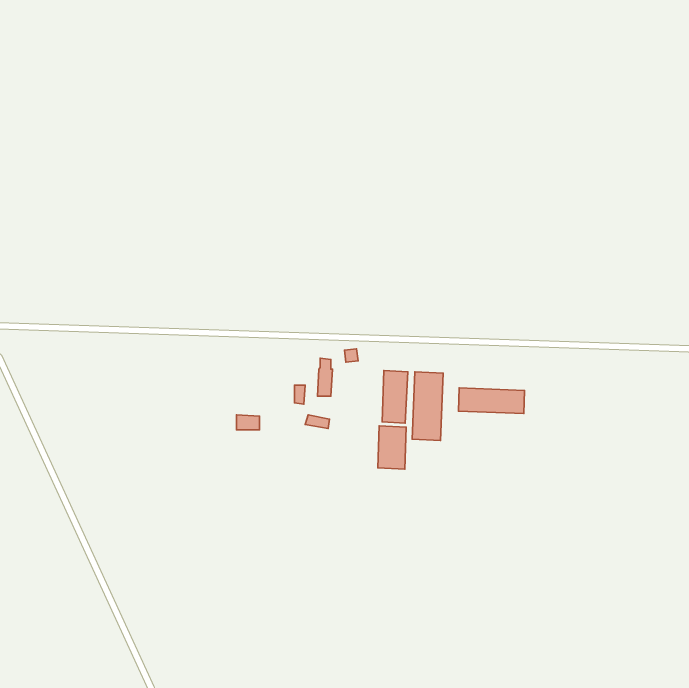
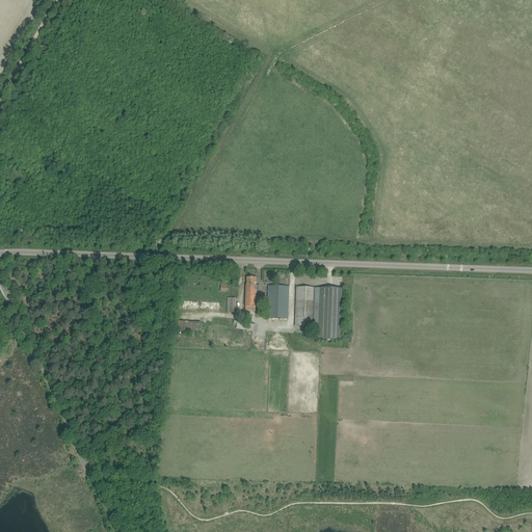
building: [459,388,524,414] -> none
building: [378,426,406,469] -> [266,284,288,317]

